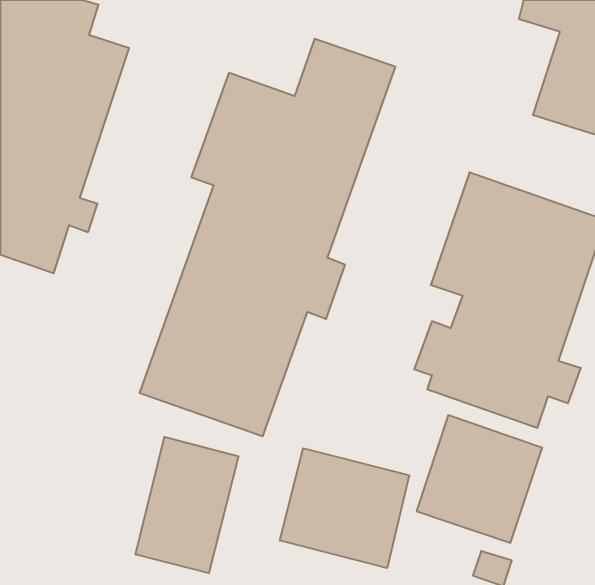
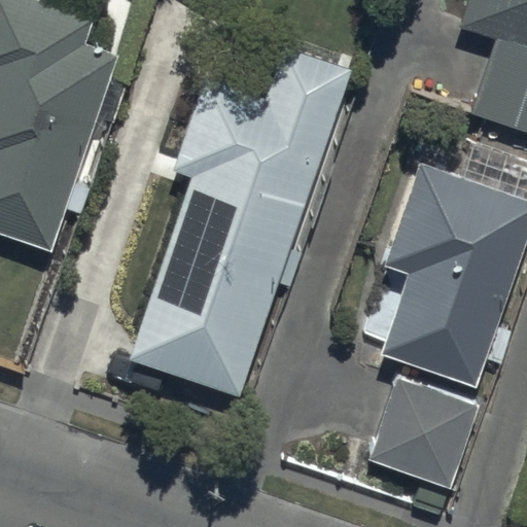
building: [136,437,238,573] -> none
building: [280,448,409,568] -> none

